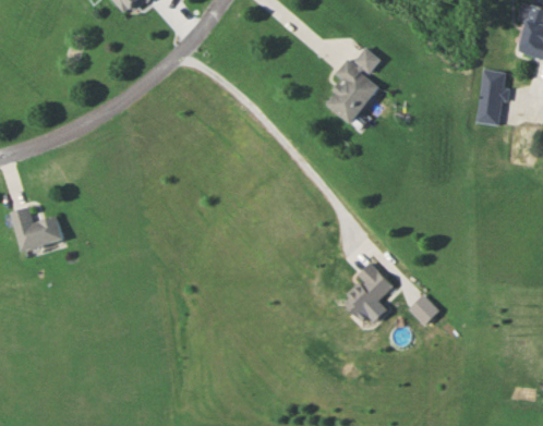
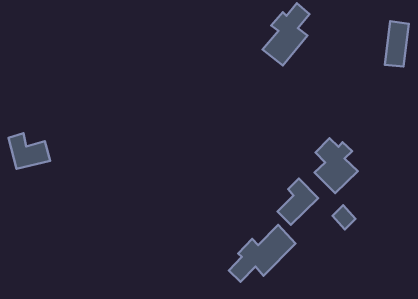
building: none -> [314,138,358,193]
building: none -> [229,225,296,282]

